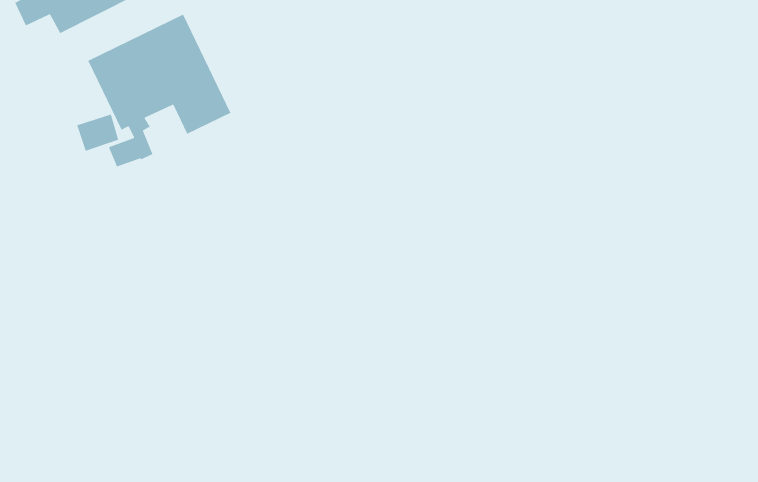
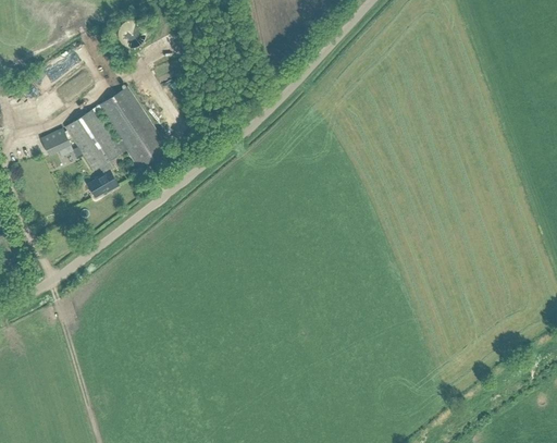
building: [76,114,119,152] -> [39,127,70,156]

